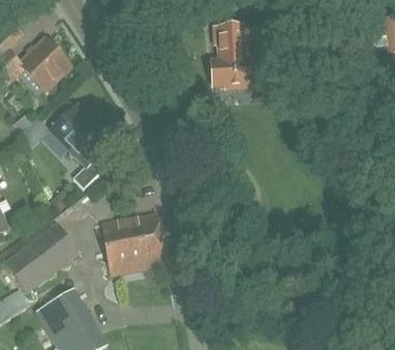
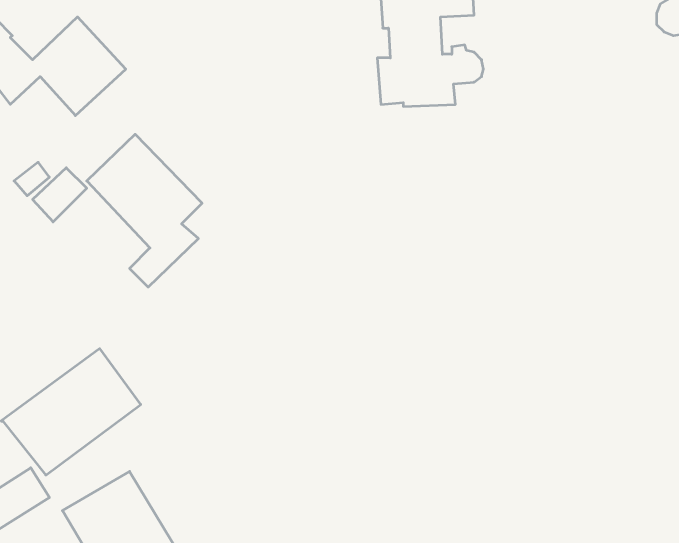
building: [99,213,164,275] -> none

